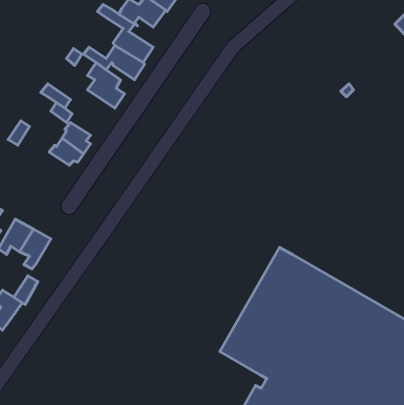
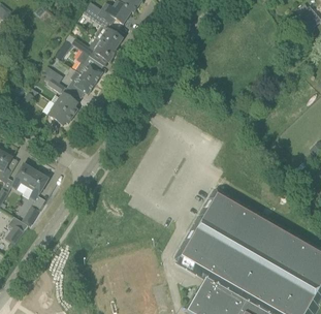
building: none -> [66,69,95,96]

